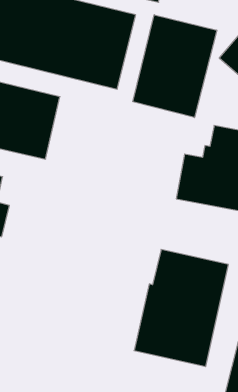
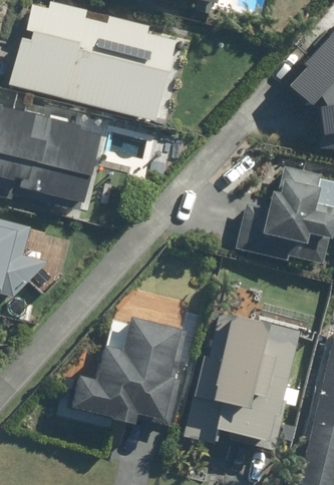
building: [133,15,217,118] -> none
building: none -> [71,318,185,424]

